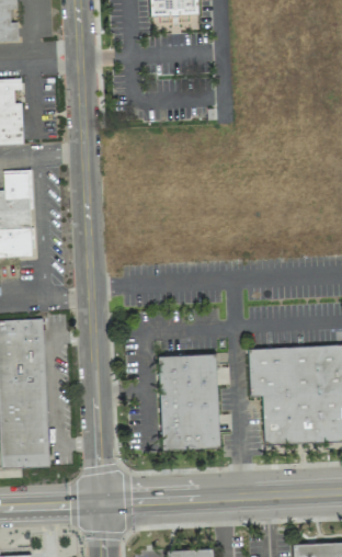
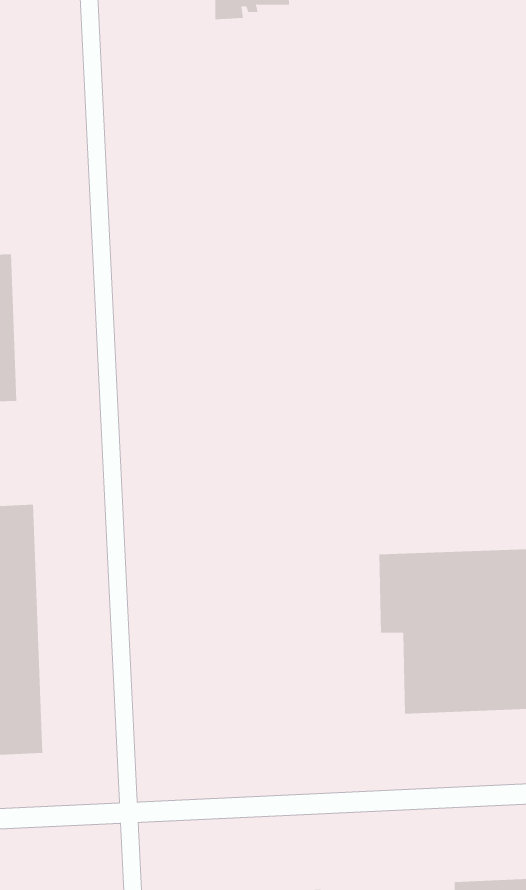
building: [159,353,220,448] -> none

